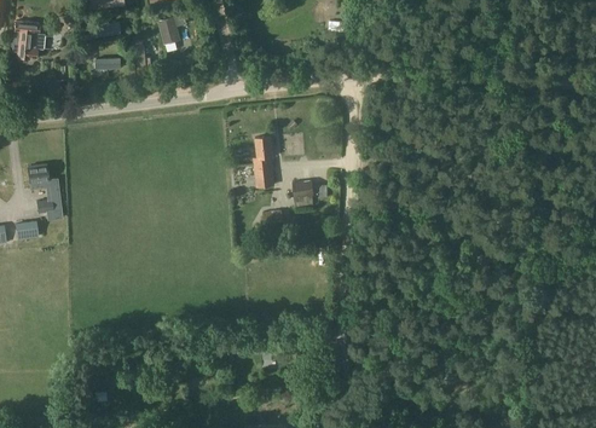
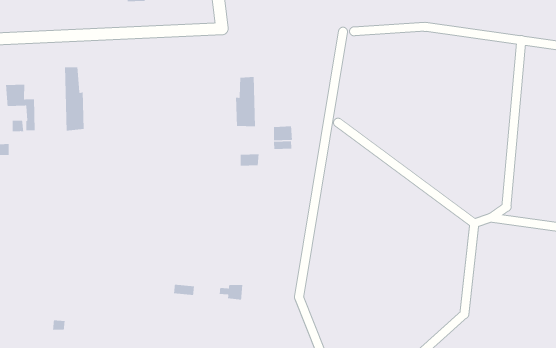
building: none -> [64,66,85,132]

